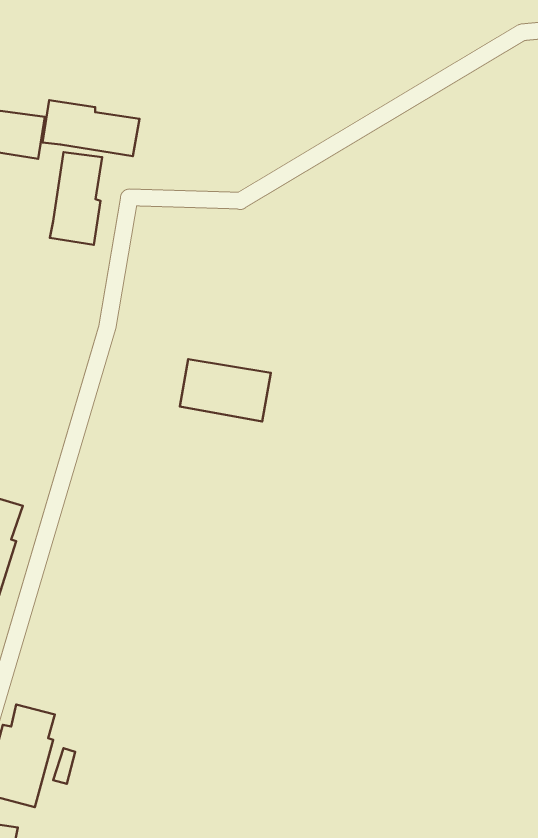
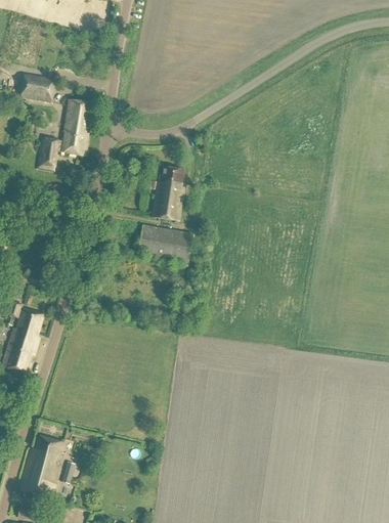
building: [43,100,139,156] -> none
building: none -> [37,137,61,170]
building: none -> [152,167,185,221]

